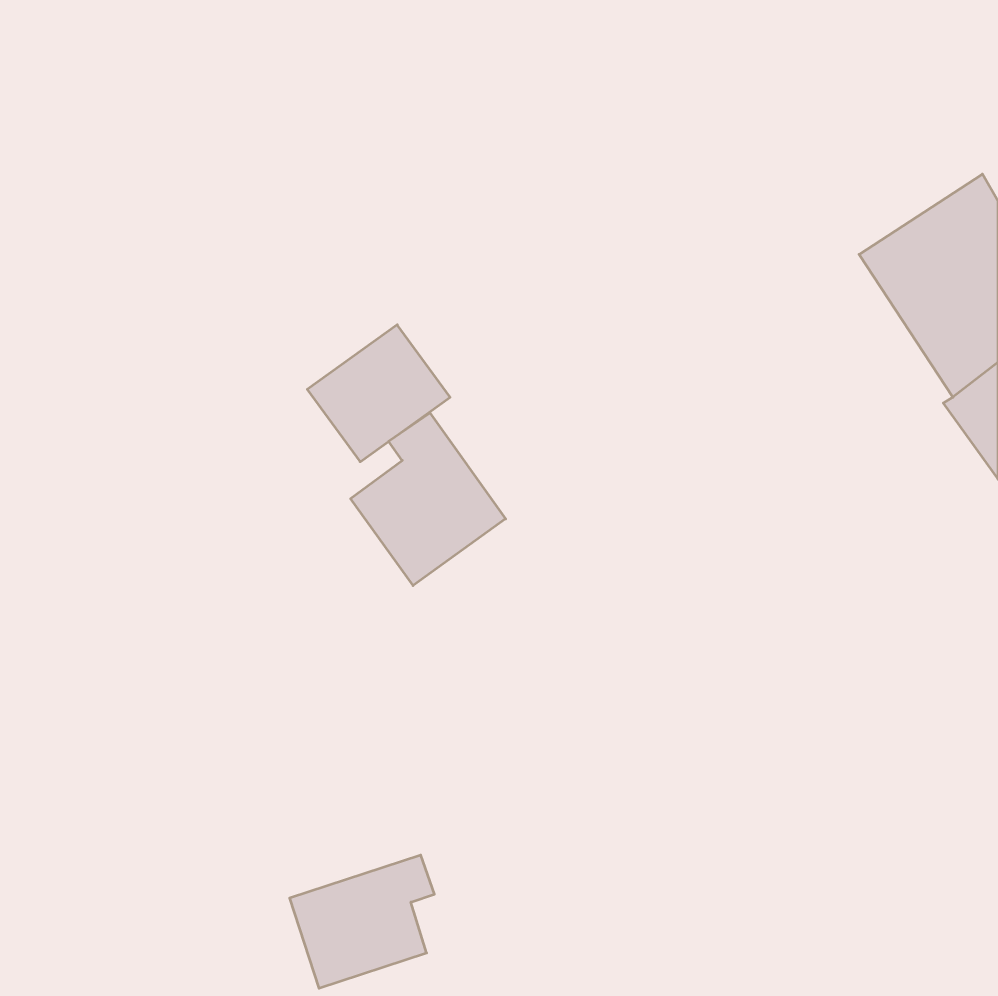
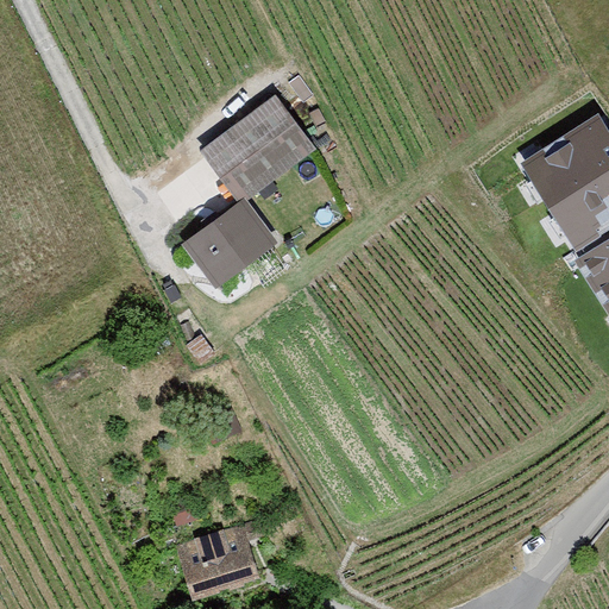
building: none -> [209,107,314,200]
building: [351,413,506,586] -> none

